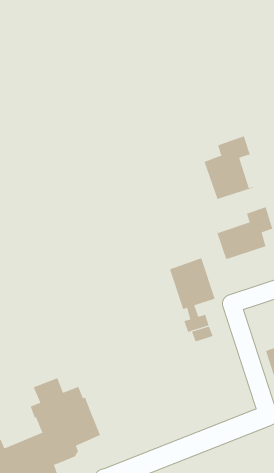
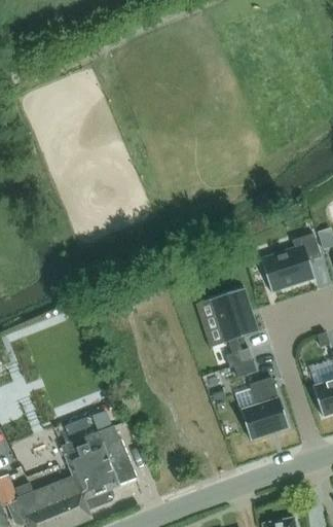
building: [200,136,254,201] -> none
building: none -> [240,377,289,440]

